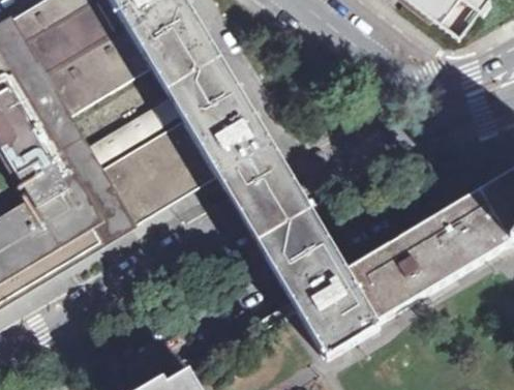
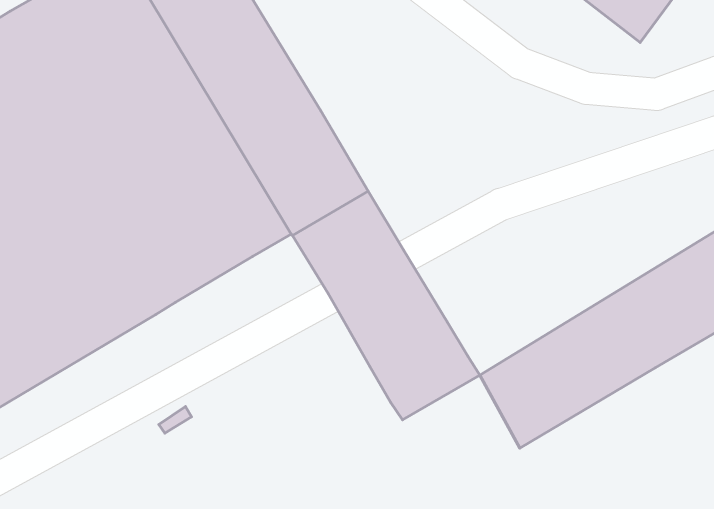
building: [293,268,374,351] -> none

